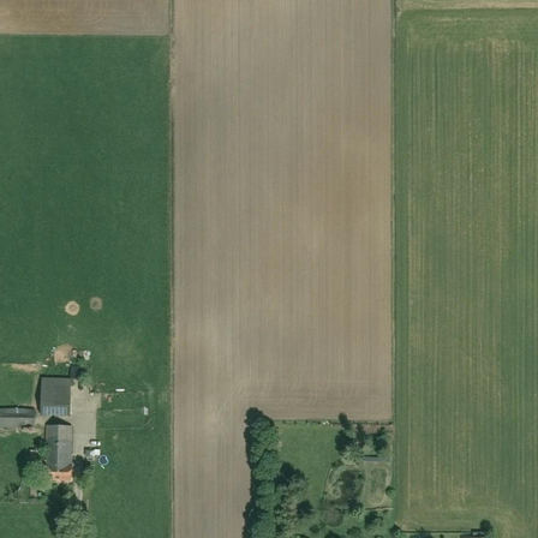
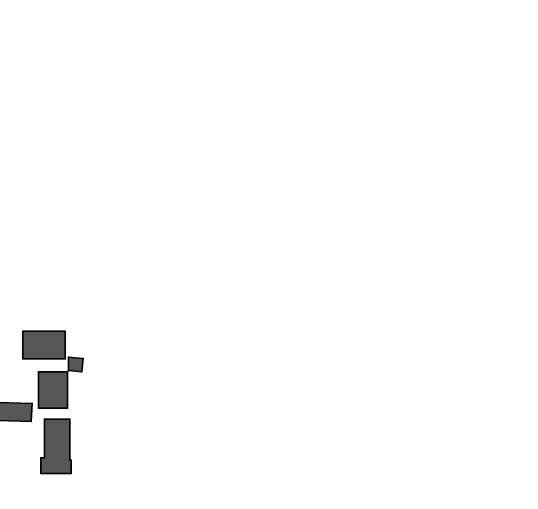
building: none -> [23,331,65,359]

